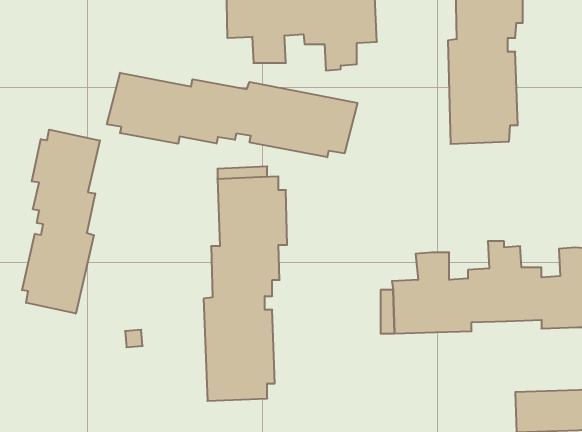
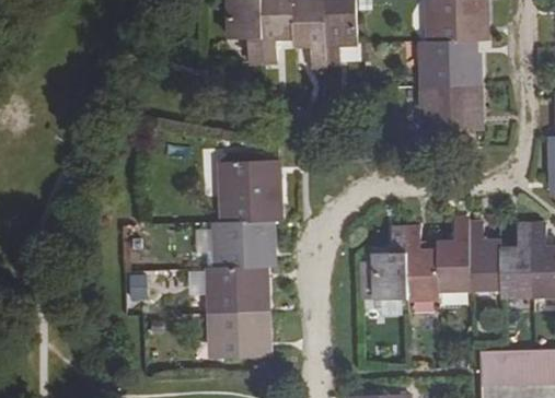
building: [107,73,357,157] -> none
building: [22,130,100,314] -> none

